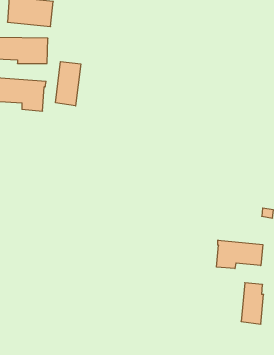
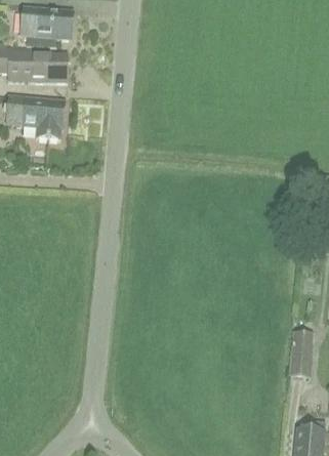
building: [56,62,81,106] -> none
building: [217,240,263,269] -> none

